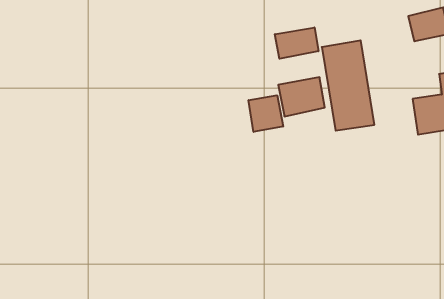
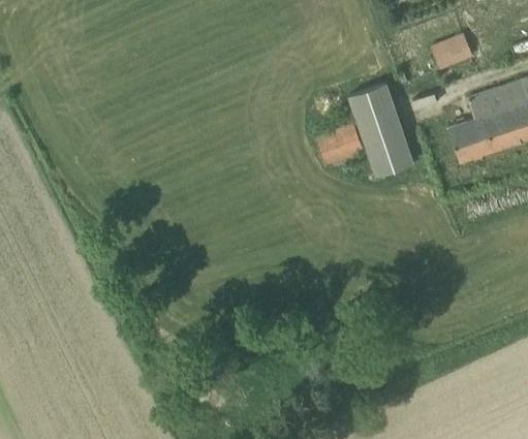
building: [275,27,318,59] -> none
building: [249,95,283,132] -> none

